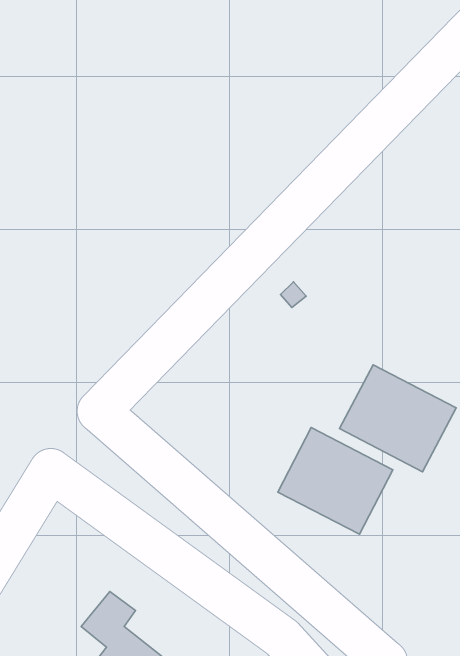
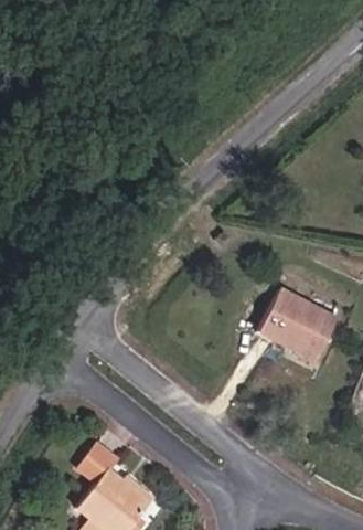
building: [278,428,393,534] -> none

